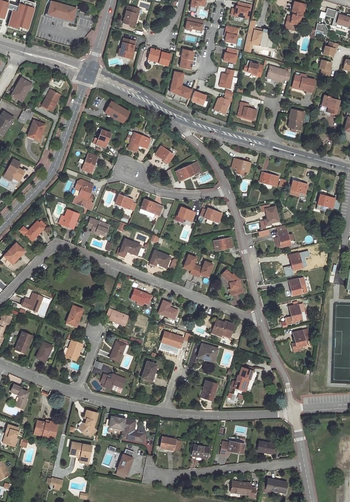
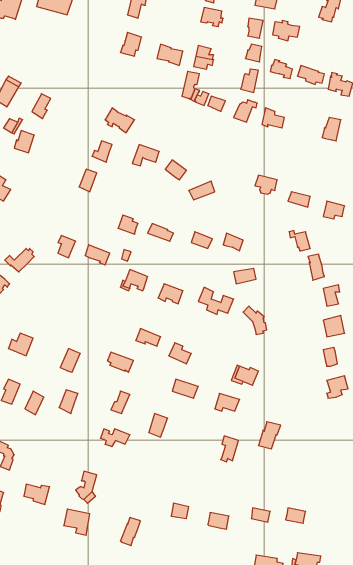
building: [73,180,93,210] -> none
building: [109,416,145,441] -> none

